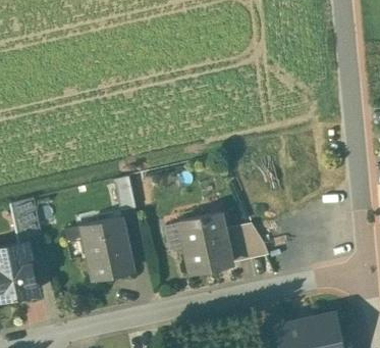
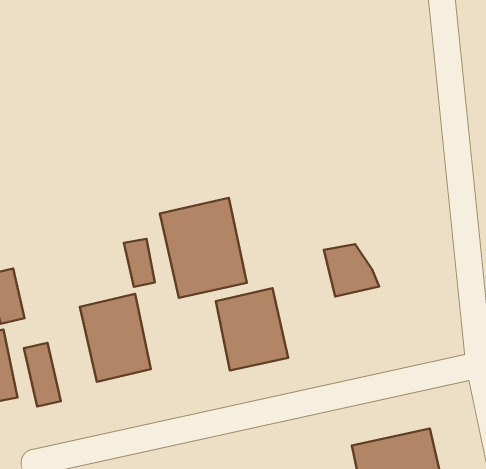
building: none -> [160,198,247,298]
building: [229,225,269,262] -> [324,244,379,297]
building: none -> [24,343,61,407]

